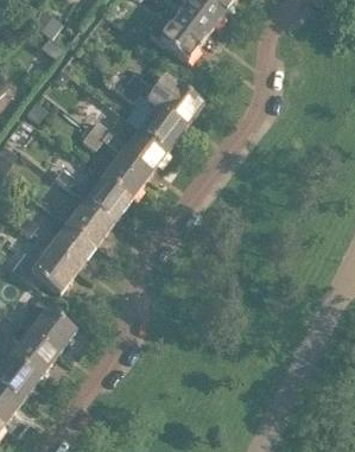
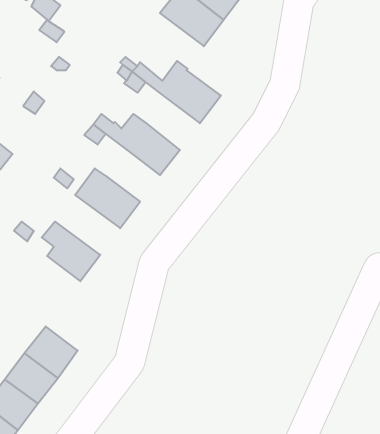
building: [138,106,185,152] -> none
building: [102,152,150,198] -> none
building: [56,192,114,246] -> none
building: [12,237,78,294] -> none

